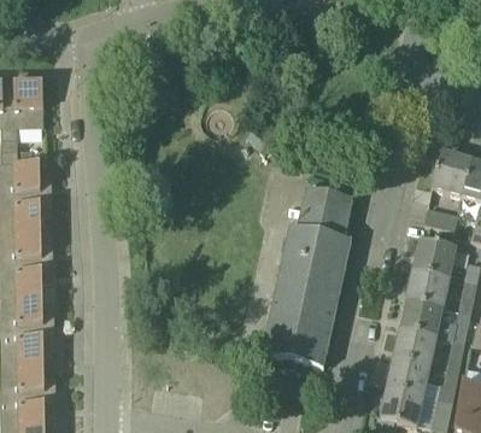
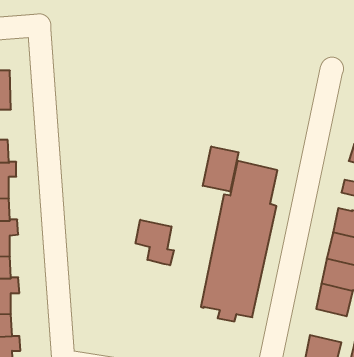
building: none -> [203,146,239,192]
building: none -> [136,220,174,265]
building: [387,356,429,394] -> none

